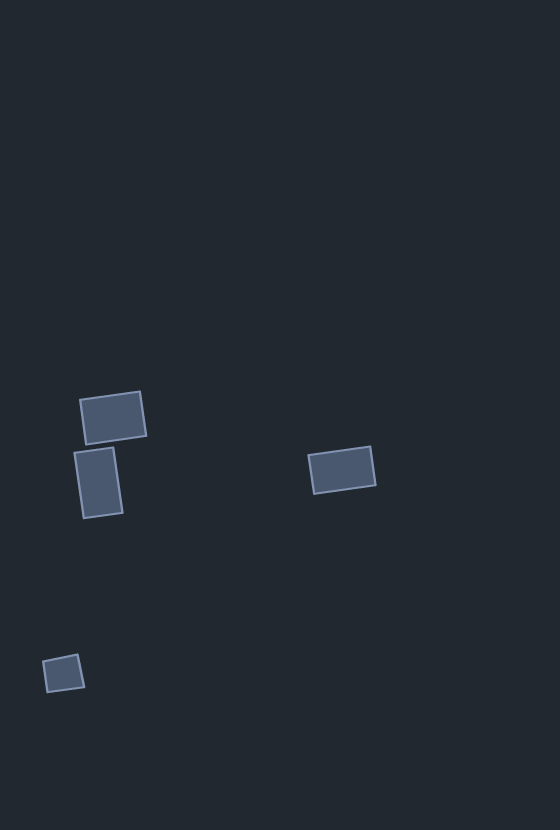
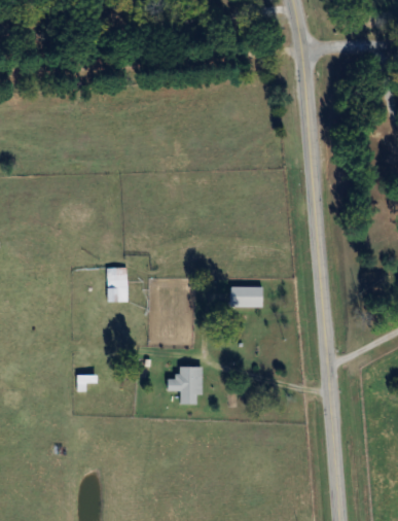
building: [80,391,146,444] -> none
building: none -> [168,378,196,404]

